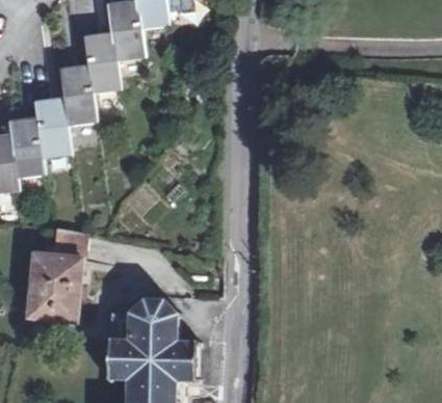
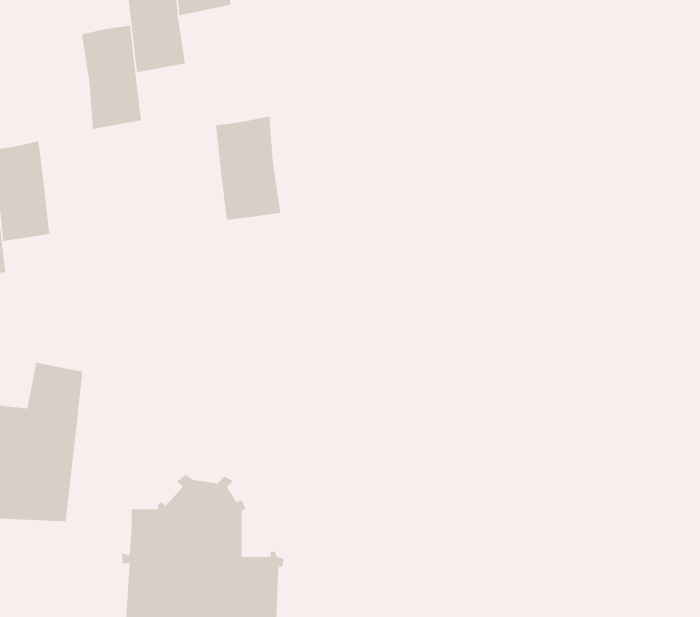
building: [56,66,94,126] -> [215,116,281,220]

